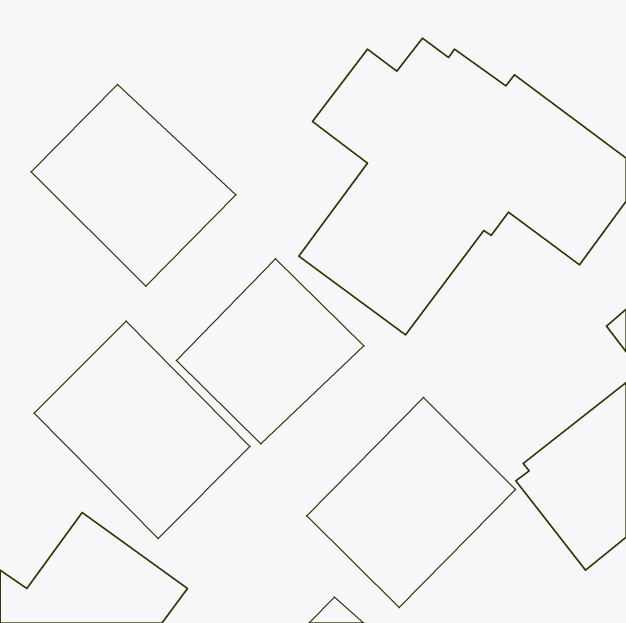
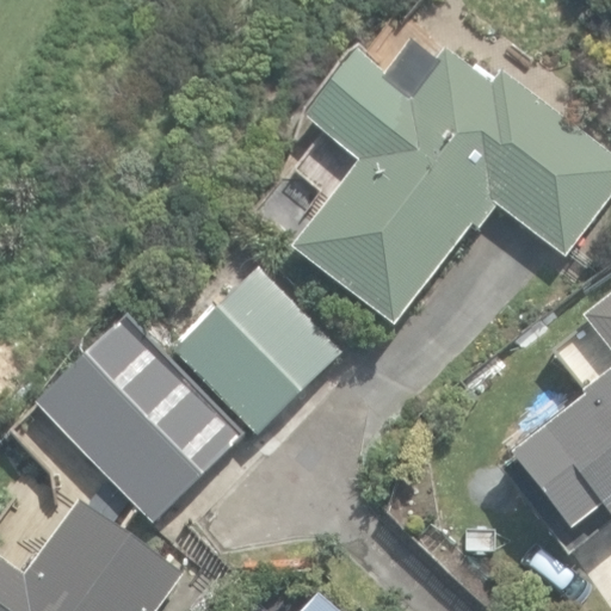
building: [31,84,236,286] -> none
building: [307,397,516,608] -> none

